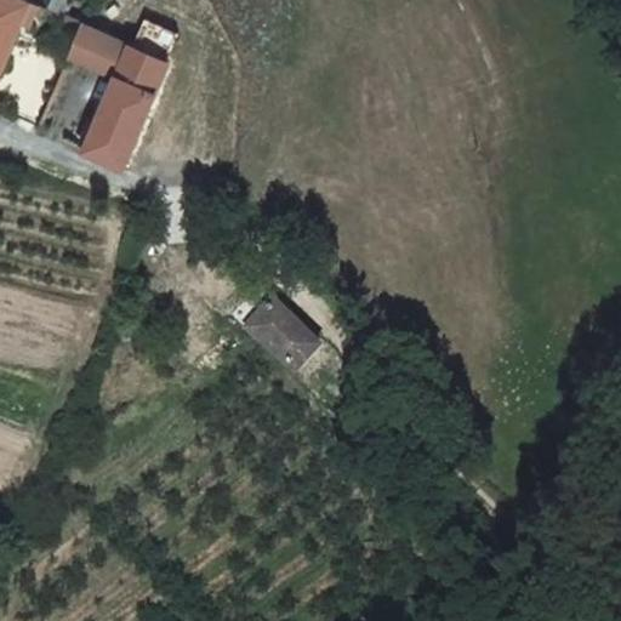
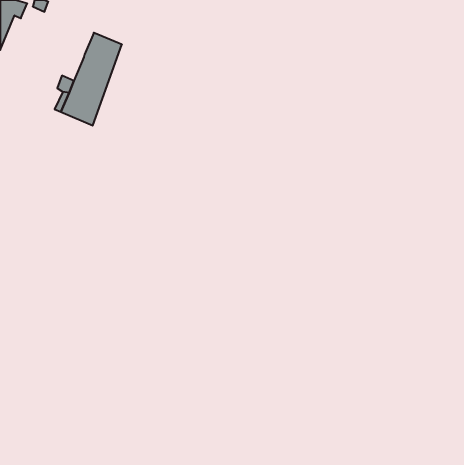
building: [65,24,126,76] -> none
building: [251,307,320,376] -> none

